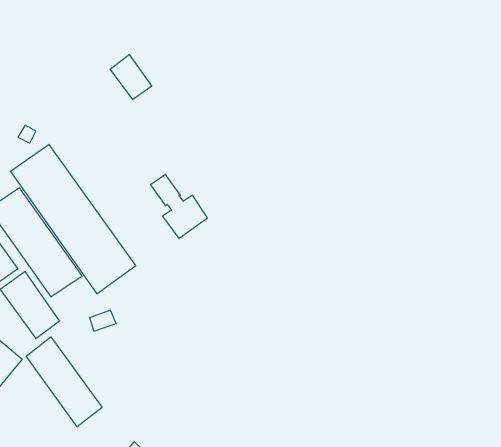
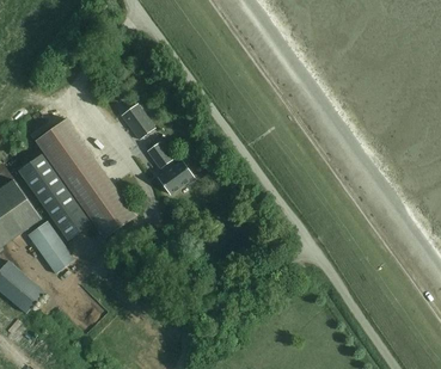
building: [110,55,152,99] -> [121,103,154,139]
building: [26,337,102,427] -> none

